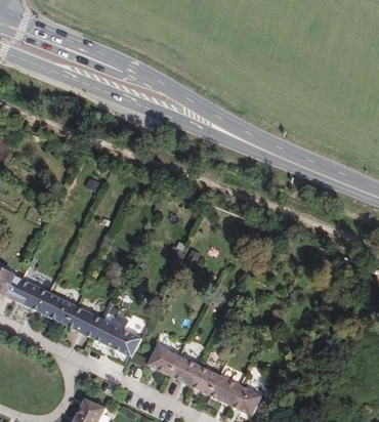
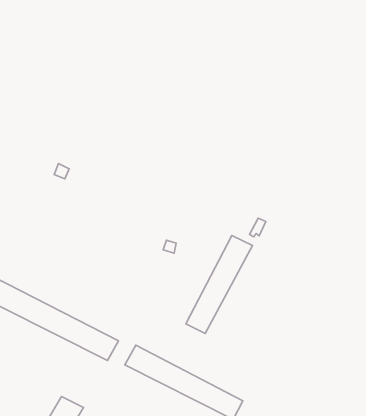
building: none -> [186,235,252,333]

